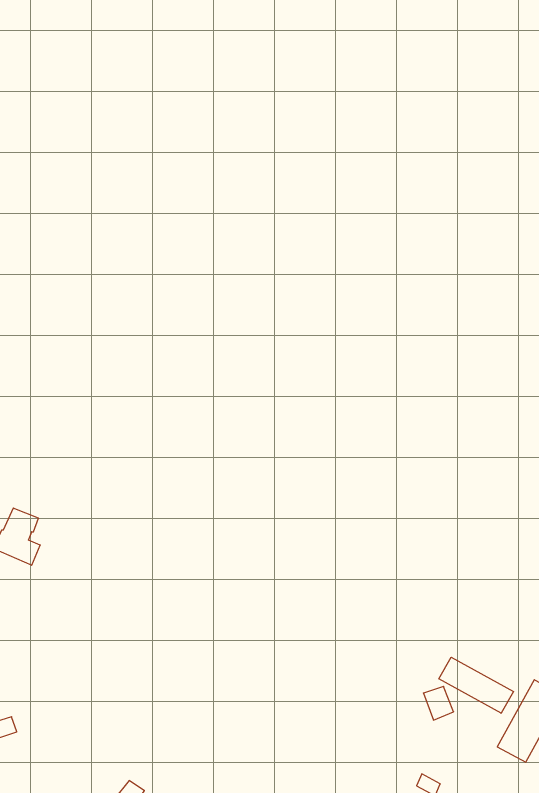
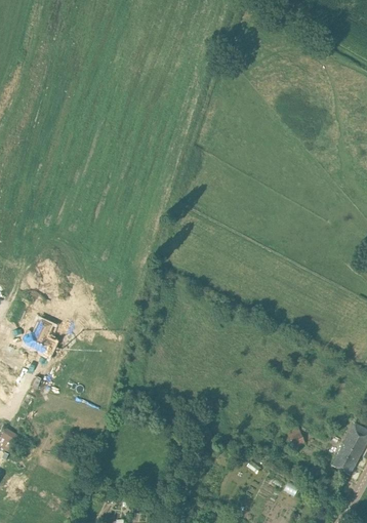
building: [439,657,514,713] -> none

